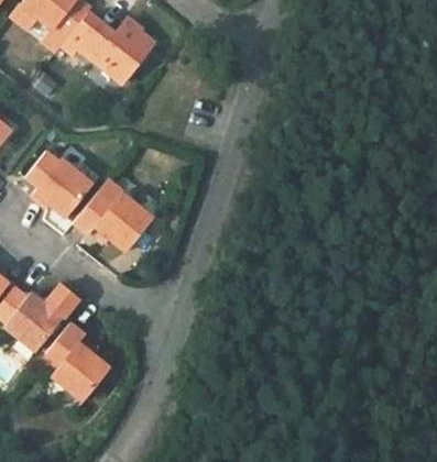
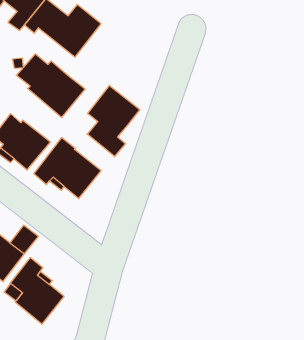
building: none -> [16,54,85,117]
building: none -> [87,85,140,157]

